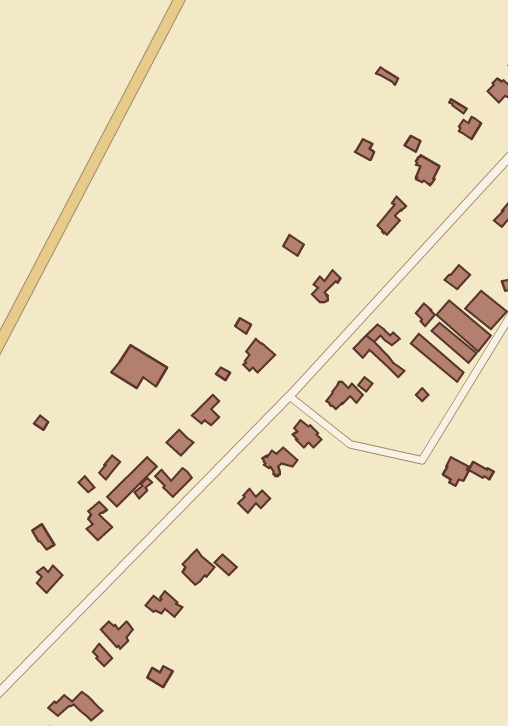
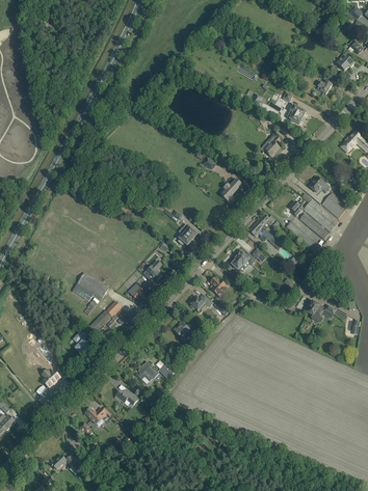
building: [111,345,167,388] -> [72,272,108,300]

